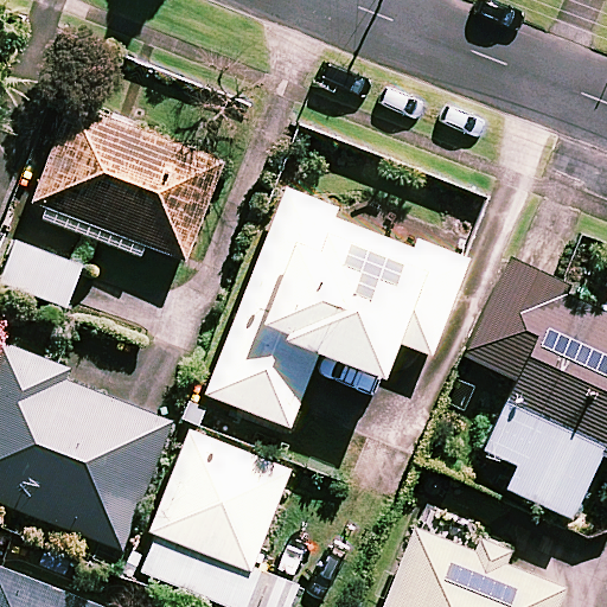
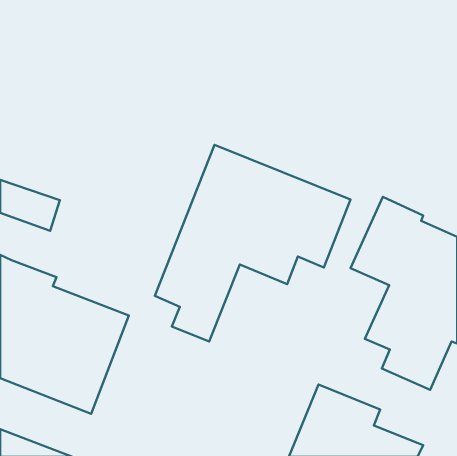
building: [27,106,221,270] -> none
building: [139,432,288,592] -> none

